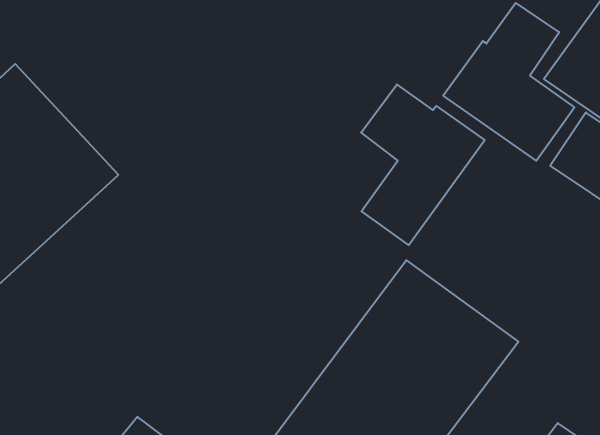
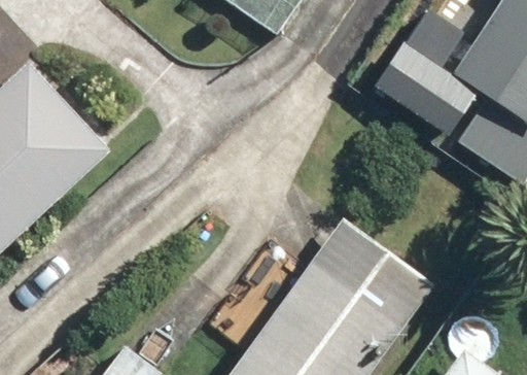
building: [361,84,485,245] -> none

